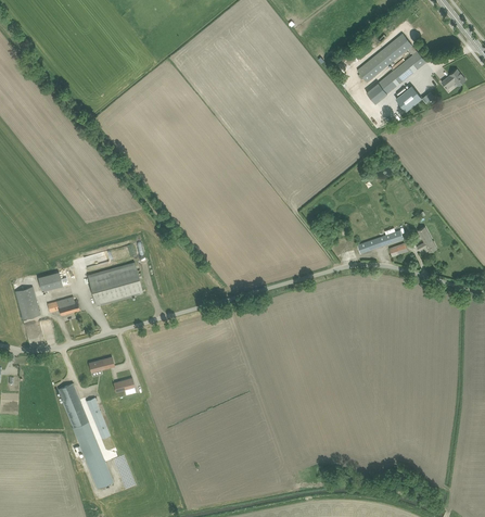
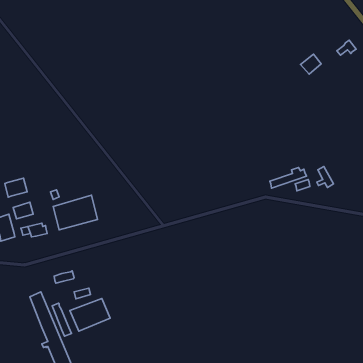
building: [357,33,426,102] -> none
building: none -> [5,178,27,197]
building: none -> [70,298,110,331]

